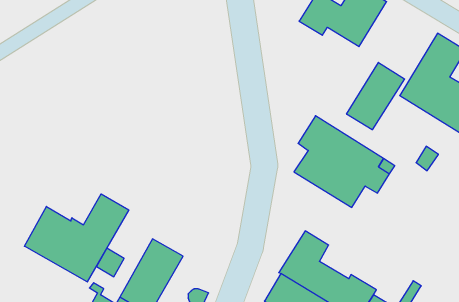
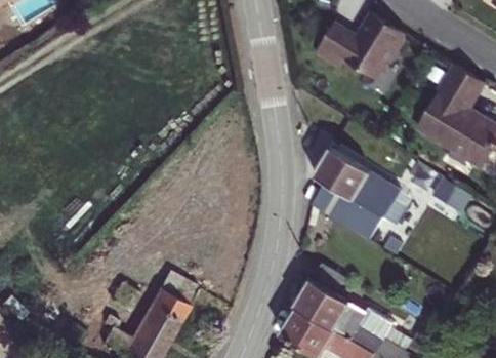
building: [347,62,405,130] -> none
building: [24,194,129,282] -> none

